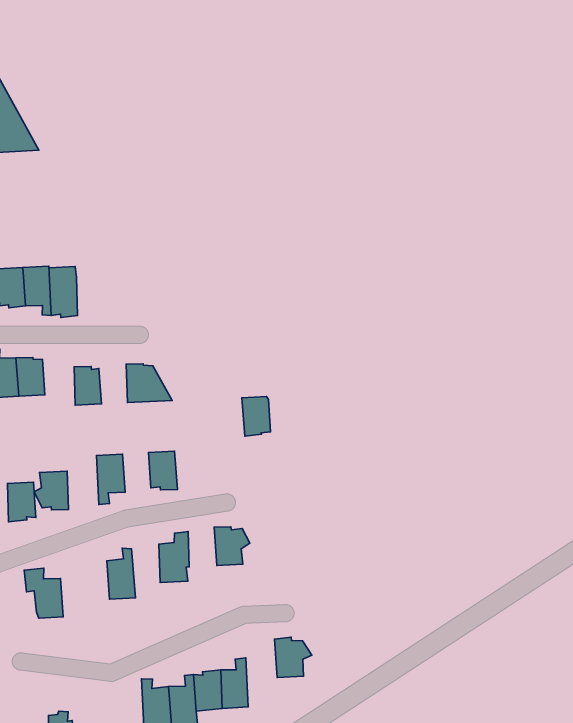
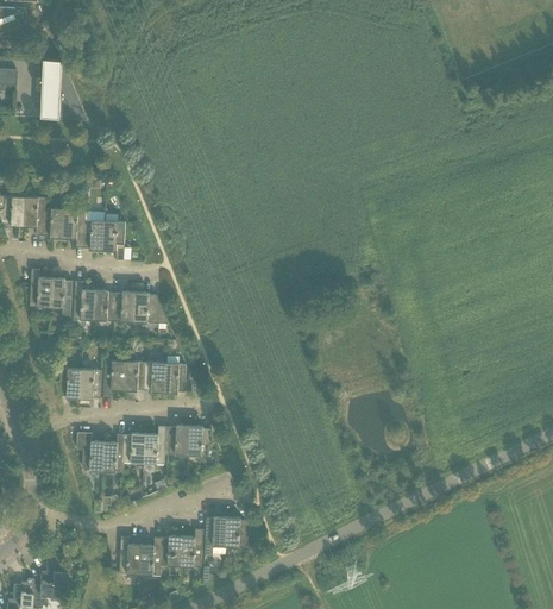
building: none -> [102,221,125,260]
building: none -> [73,282,95,320]
building: none -> [113,293,136,322]
building: [242,397,270,436] -> [164,364,186,394]
building: none -> [124,362,145,393]
building: [7,482,36,522] -> [78,370,101,400]
building: none -> [166,426,189,456]
building: none -> [122,433,145,473]
building: [24,568,63,618] -> [76,433,103,472]
building: none -> [203,516,226,557]

